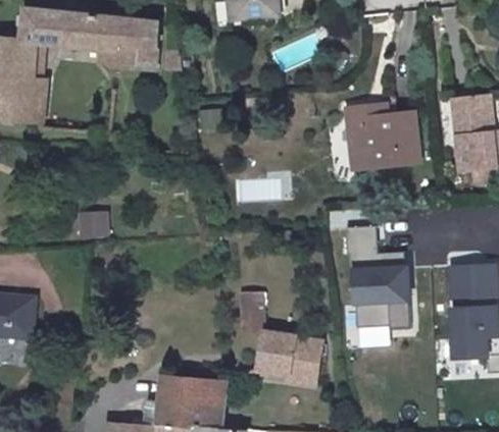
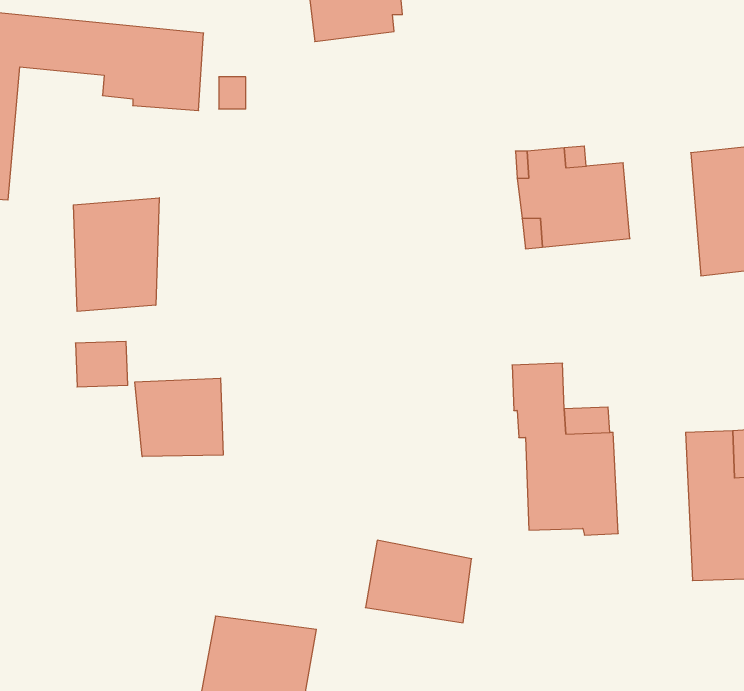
building: none -> [73,198,159,311]
building: none -> [135,378,223,457]
building: [240,289,264,332] -> none

